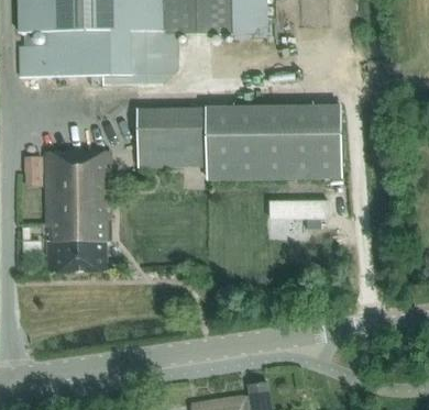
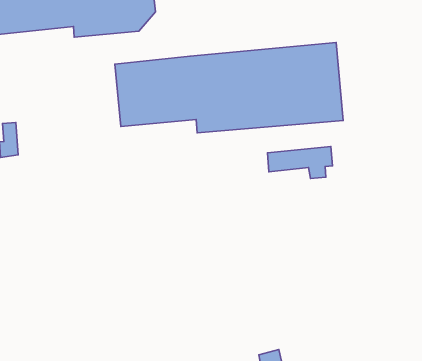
building: [46,152,110,272] -> none

